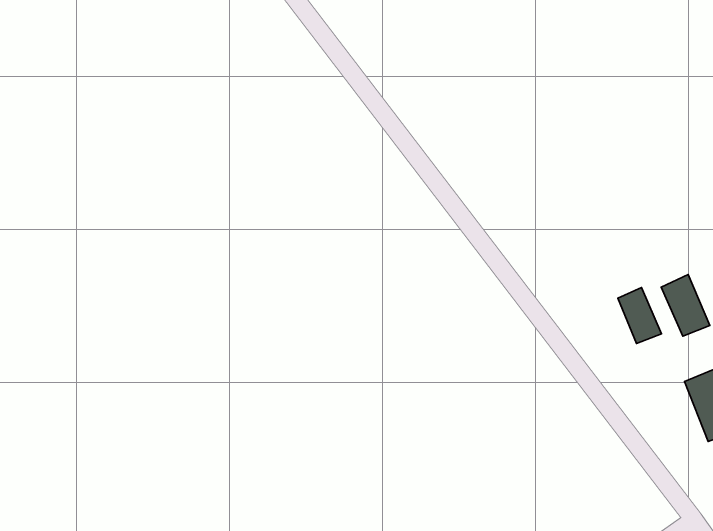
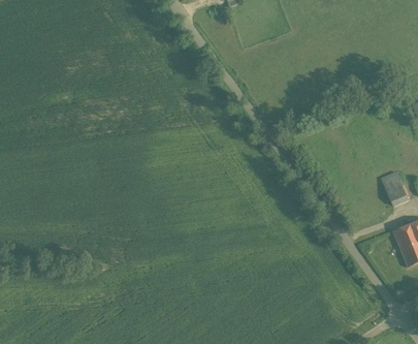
building: [618,287,661,344] -> none

